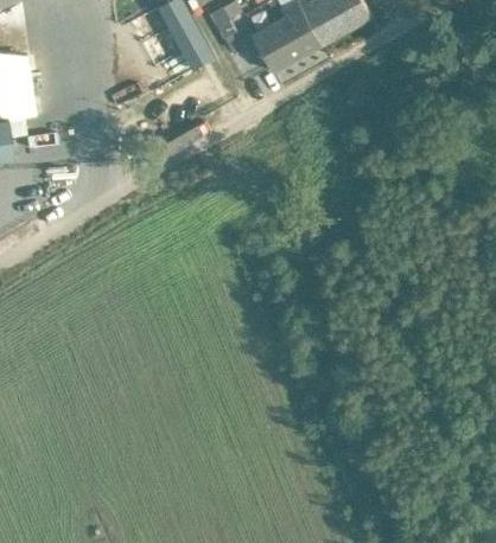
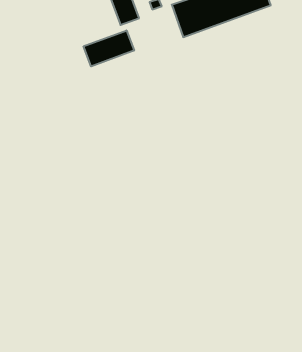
building: none -> [84,30,134,66]

